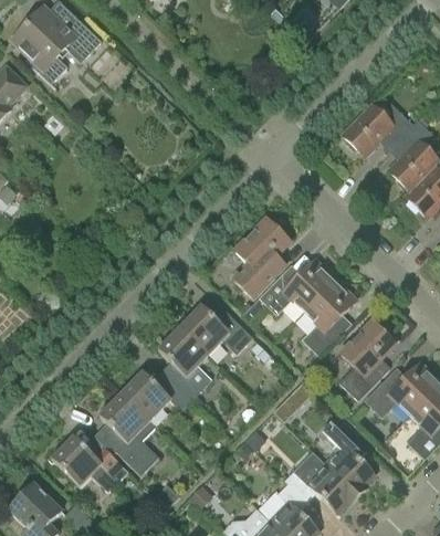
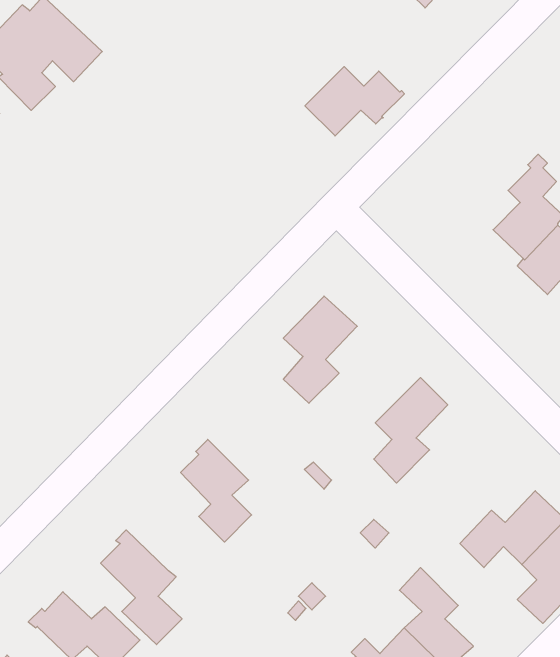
building: [343,105,416,156] -> [305,67,404,136]
building: [243,260,335,319] -> none
building: [179,305,253,354] -> none
building: [338,320,395,400] -> none
building: [119,370,191,420] -> none

